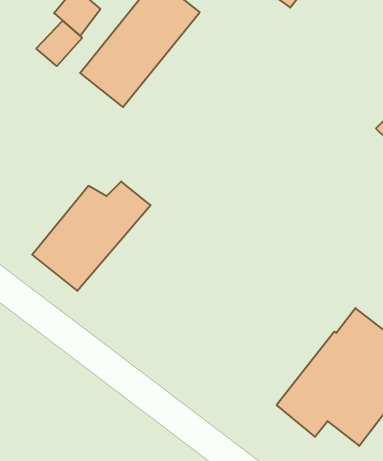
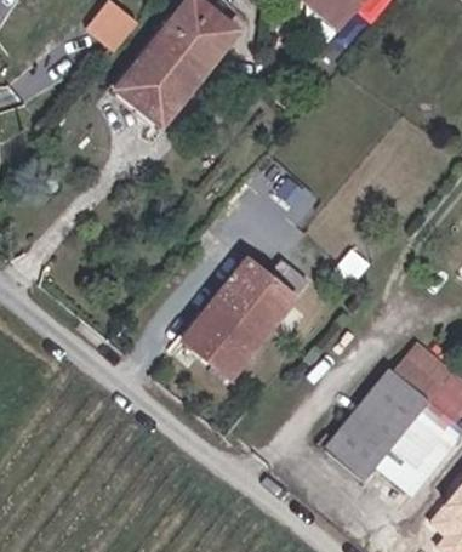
building: [36,21,82,66] -> none
building: [32,181,151,291] -> [160,261,287,379]

